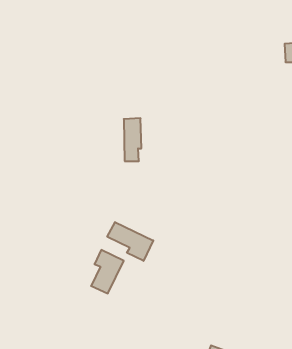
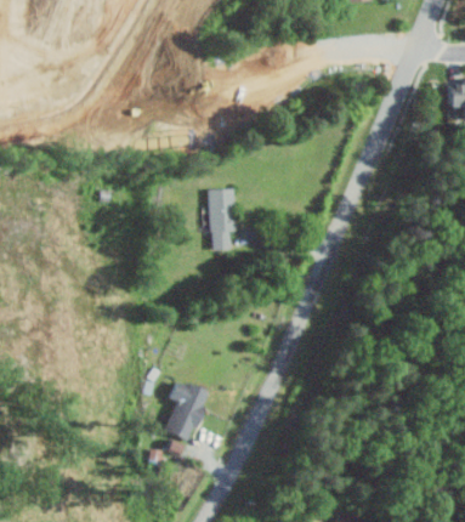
building: [107,222,153,261] -> none

